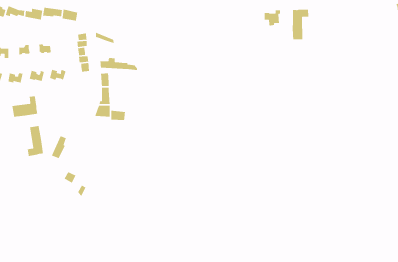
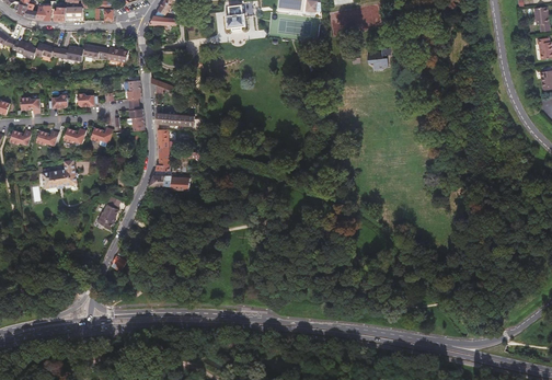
building: [292,9,309,40] -> none
building: [27,125,44,157] -> none

